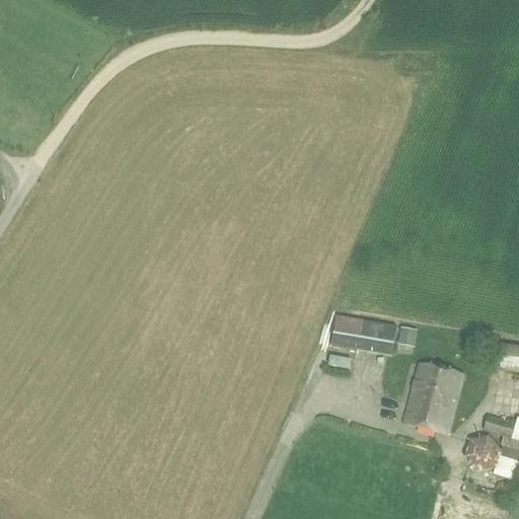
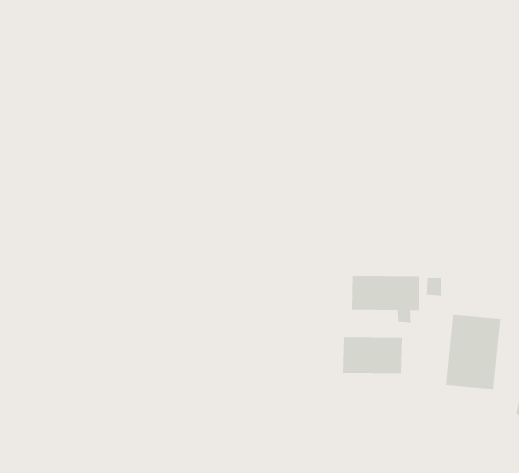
building: none -> [343,337,402,374]

